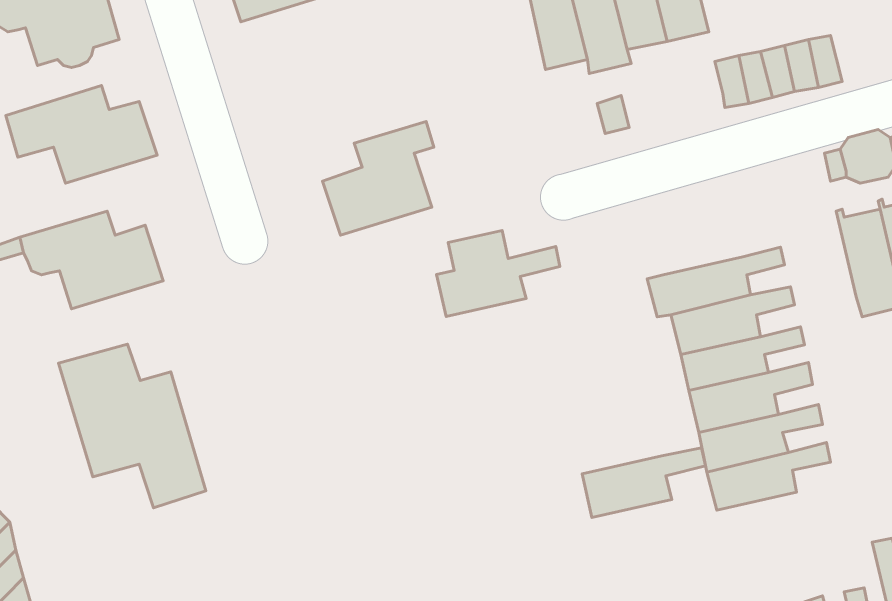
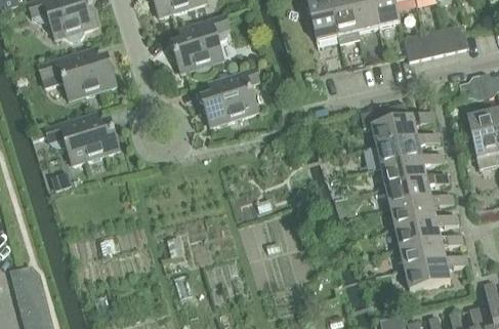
building: none -> [172,14,228,73]
building: [436,231,560,316] -> [372,102,435,147]
building: [58,344,206,508] -> none
building: [582,448,706,518] -> [405,254,468,290]

